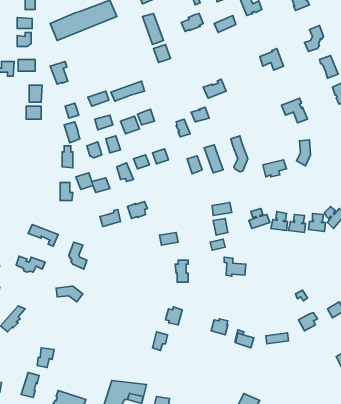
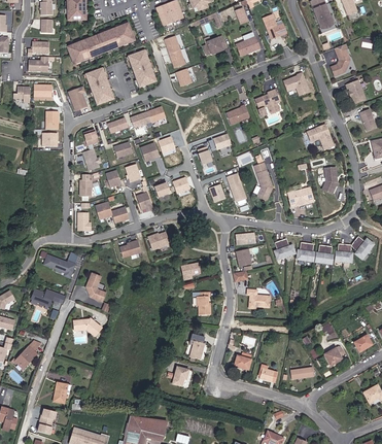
building: none -> [126,48,155,88]
building: none -> [84,67,113,104]
building: none -> [255,89,280,115]

